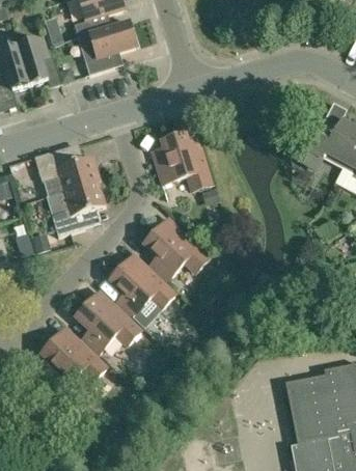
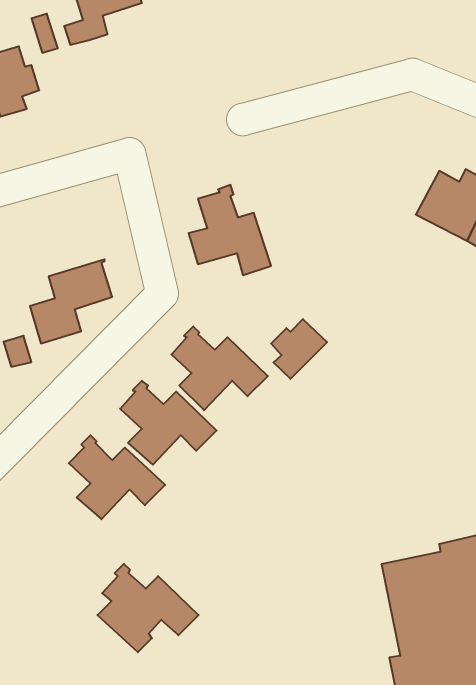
building: [84,20,136,73] -> none
building: [34,147,100,190] -> none
building: none -> [271,319,327,379]
building: [38,332,106,391] -> [97,564,199,652]

